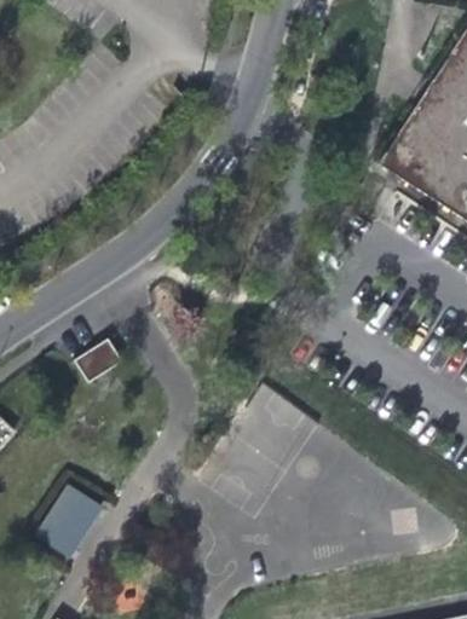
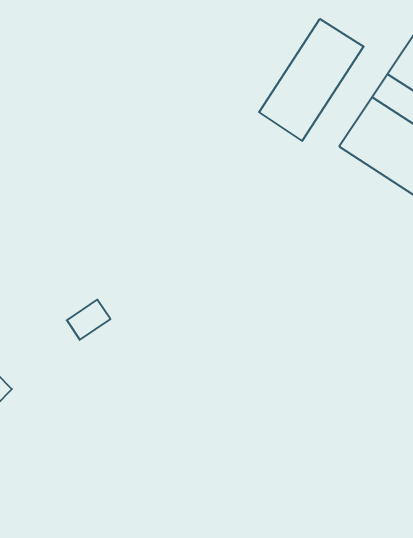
building: none -> [259,19,364,141]
building: [36,485,102,557] -> none

